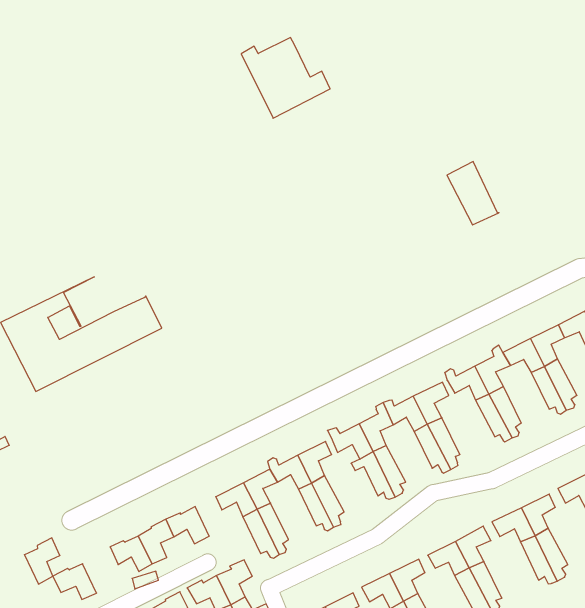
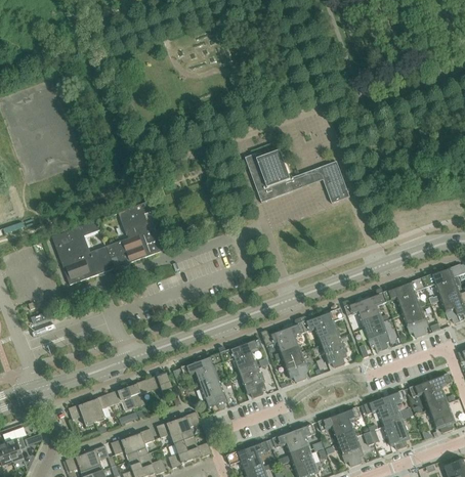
building: [241,38,330,118] -> [246,149,302,202]
building: [447,162,499,225] -> [319,160,350,202]
building: none -> [118,200,154,236]
building: [24,538,60,584] -> [89,392,113,422]

